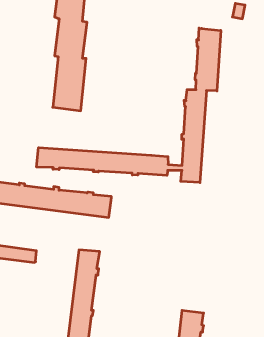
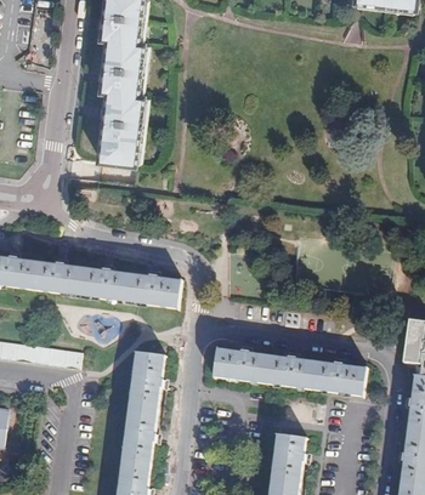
building: [37,28,221,183] -> none
building: none -> [214,348,366,393]

